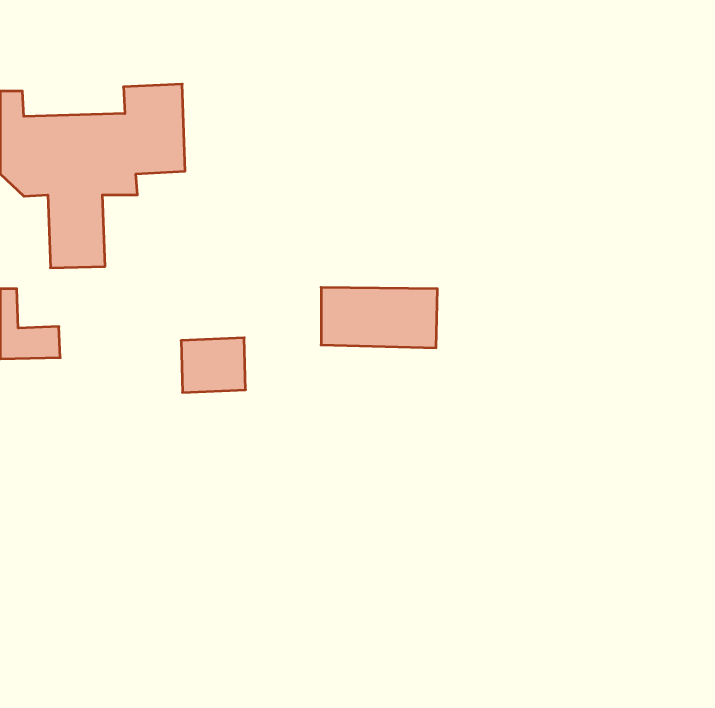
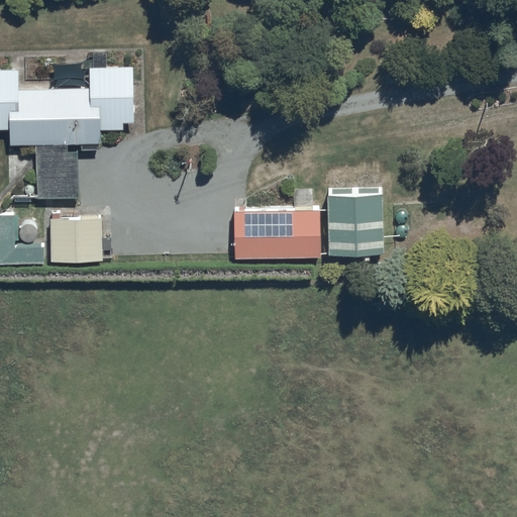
building: none -> [325,192,380,250]
building: [181,338,246,392] -> [53,222,99,262]

